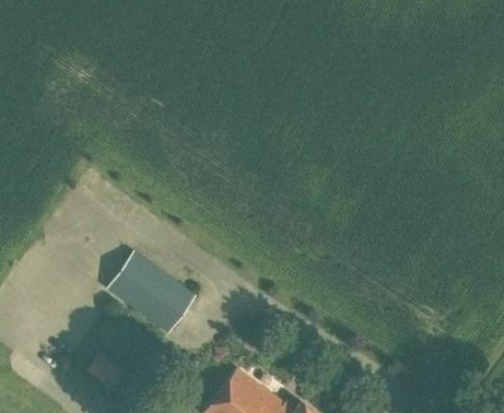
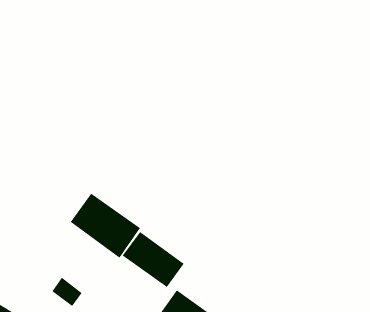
building: none -> [122,231,184,288]

